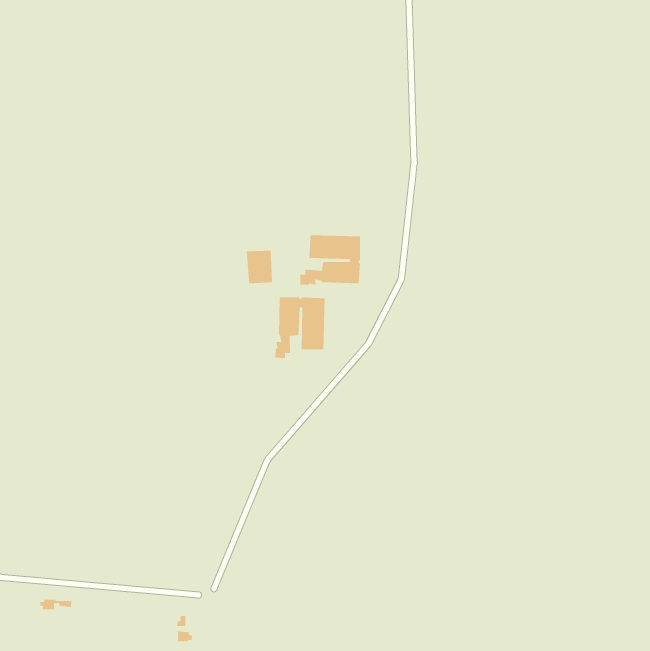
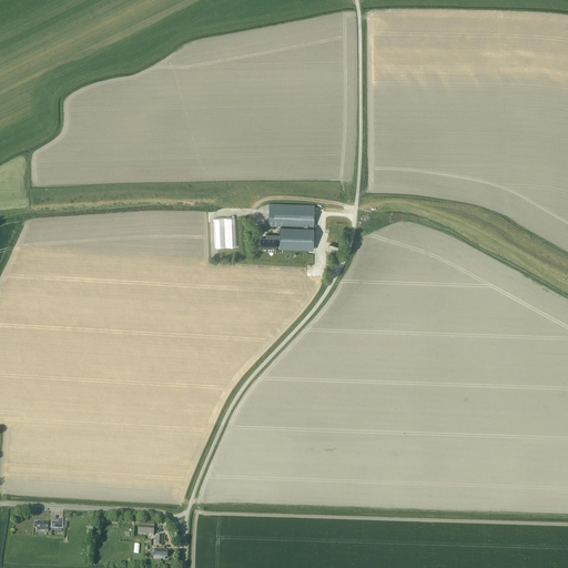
building: [275,296,326,359] -> none

